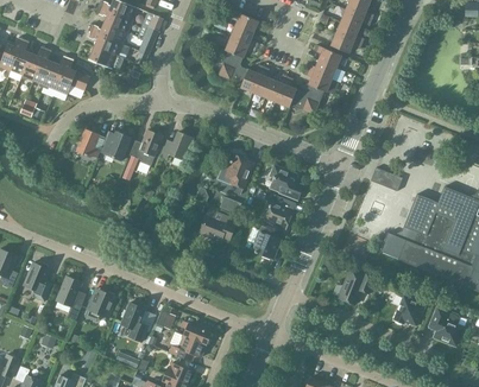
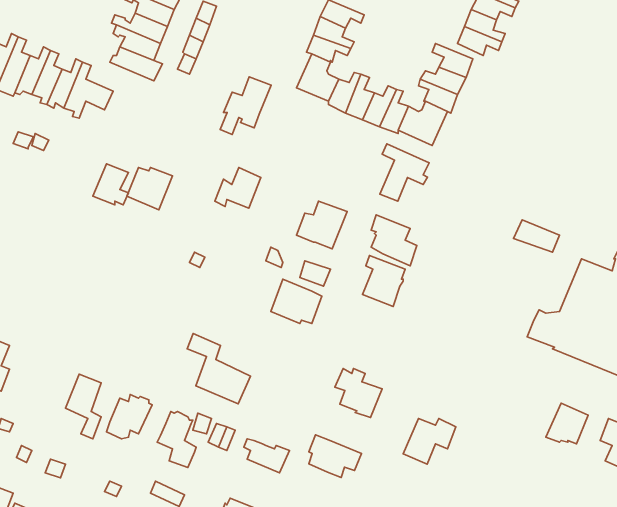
building: none -> [380,144,429,201]
building: [126,129,162,170] -> [220,77,271,134]
building: [247,224,281,259] -> [335,368,382,418]
building: none -> [187,334,250,404]
building: [23,261,50,300] -> none
building: [338,272,374,304] -> [403,418,456,464]
building: [169,331,206,361] -> [309,435,361,477]

